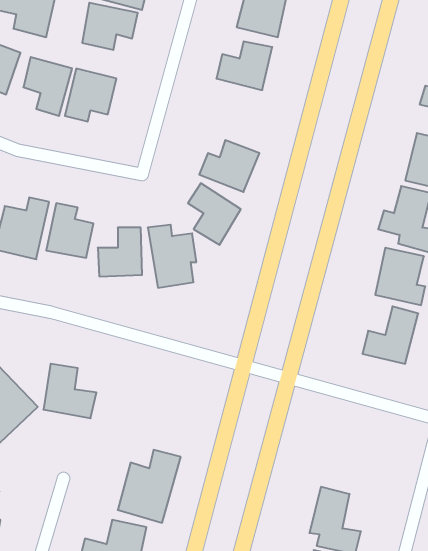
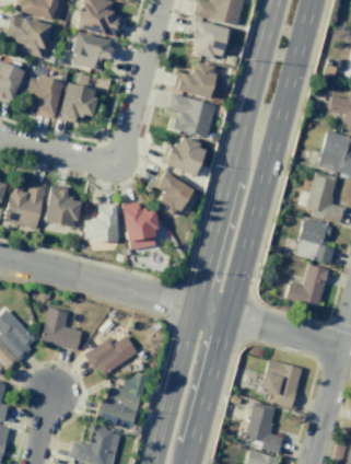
building: none -> [168,94,215,137]
building: none -> [86,335,138,375]
building: none -> [260,359,302,407]

